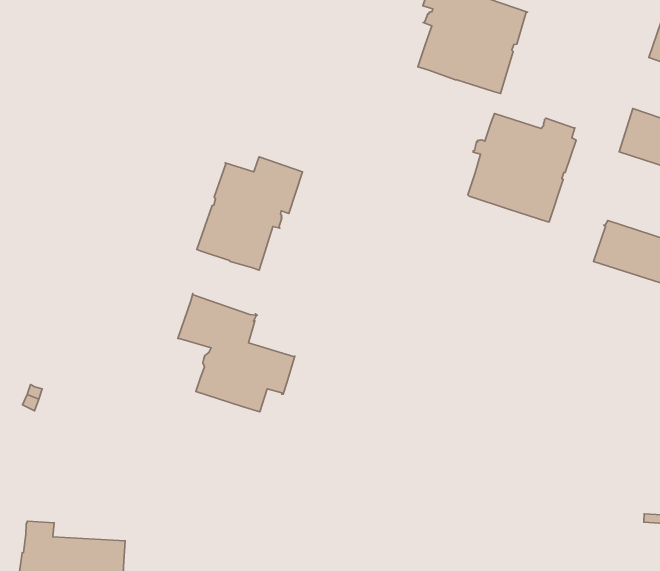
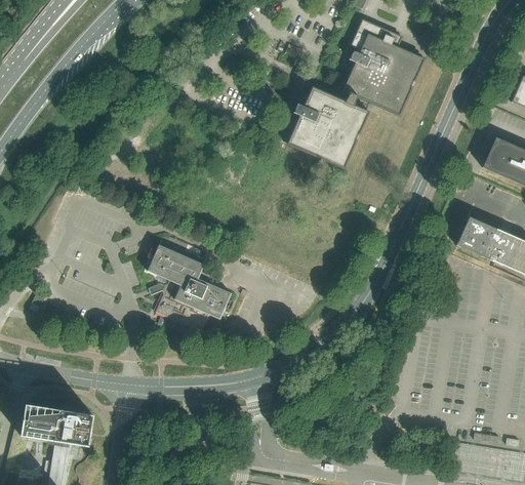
building: [468,113,576,222] -> [287,86,370,169]
building: [197,157,303,270] -> none

